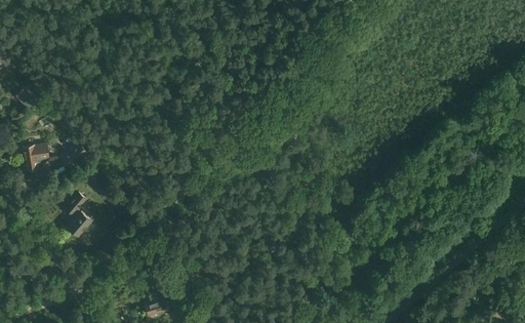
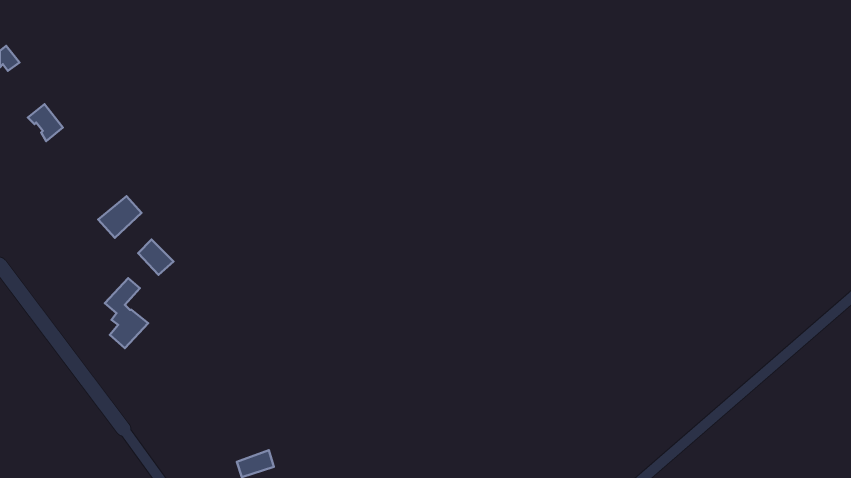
building: [24,145,50,171] -> none

